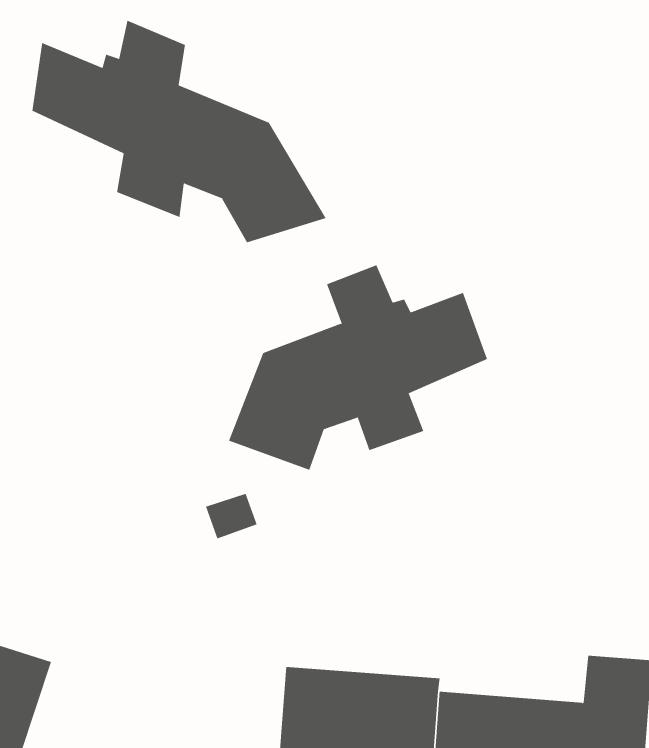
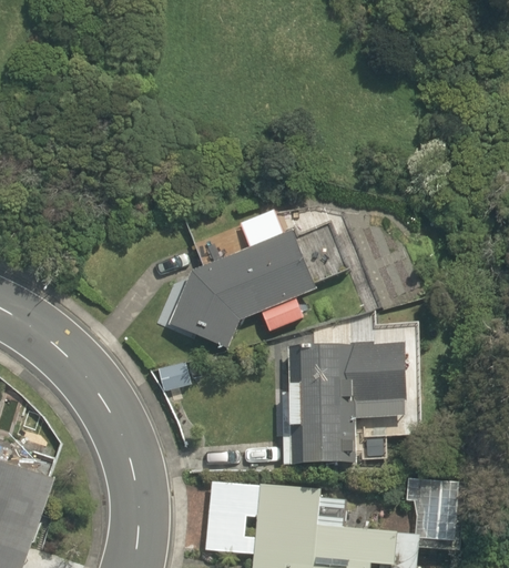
building: [32,20,326,243] -> none
building: none -> [295,336,403,466]

